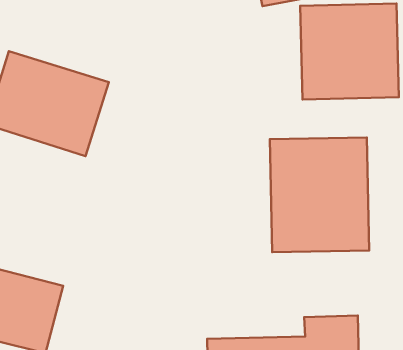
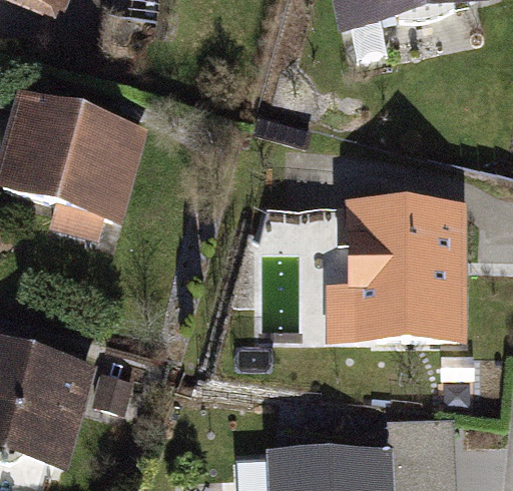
building: [300,4,399,99] -> none

